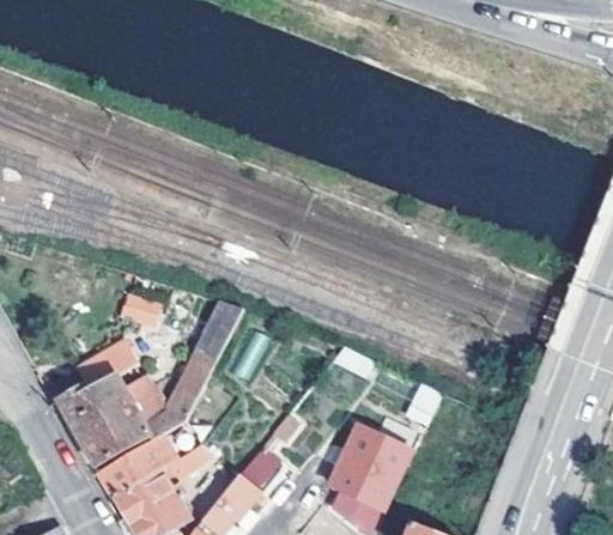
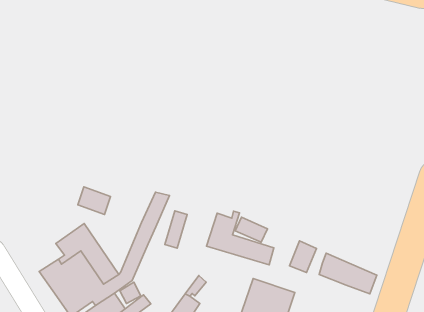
building: none -> [206,211,274,265]
building: none -> [319,253,377,294]

